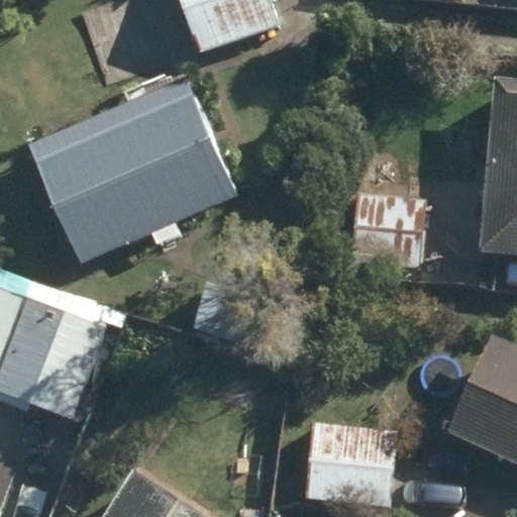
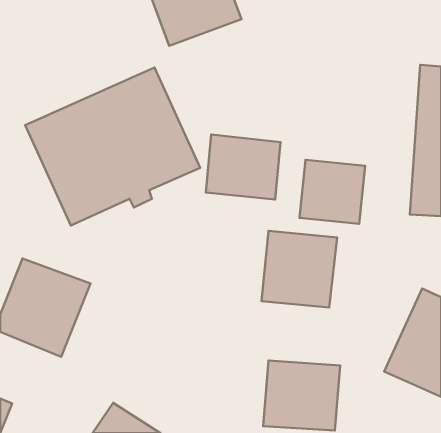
building: none -> [206,134,281,199]
building: none -> [261,231,337,307]

